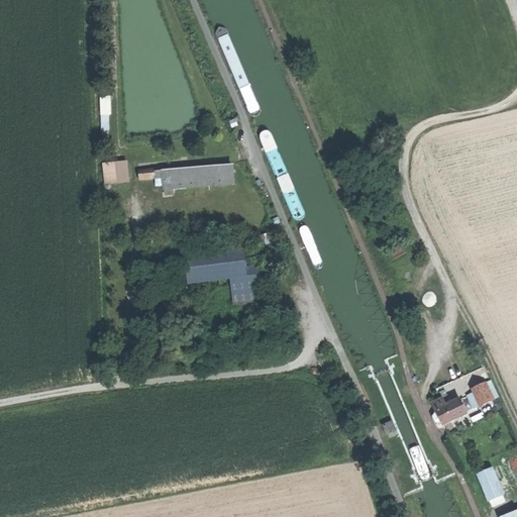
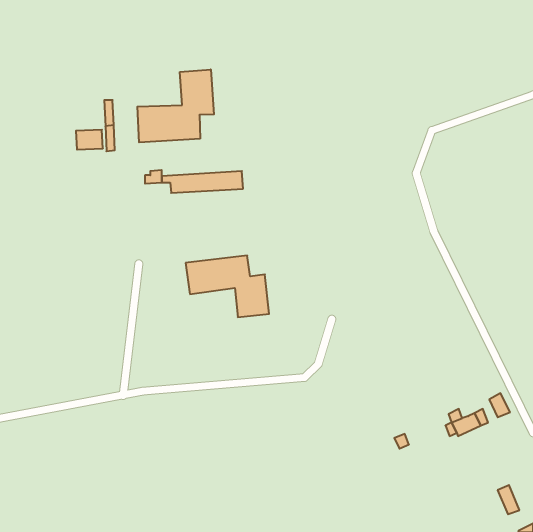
building: none -> [137,69,214,142]
building: [103,163,129,182] -> [76,130,103,150]

